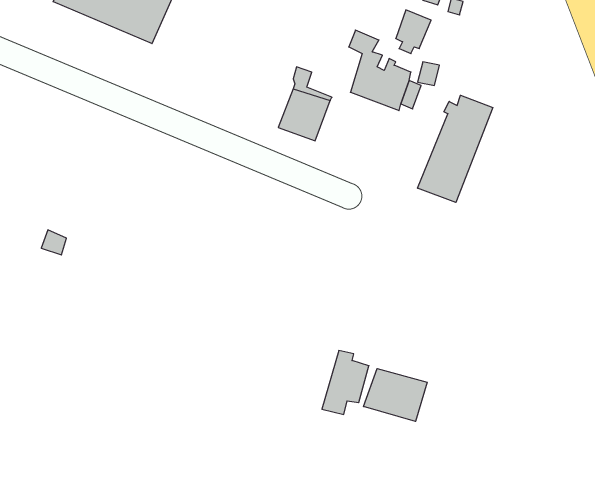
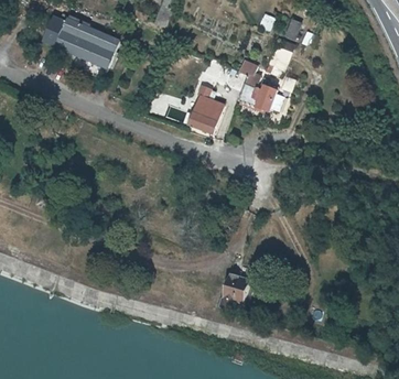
building: [418,95,493,202] -> none
building: [364,369,427,421] -> none

